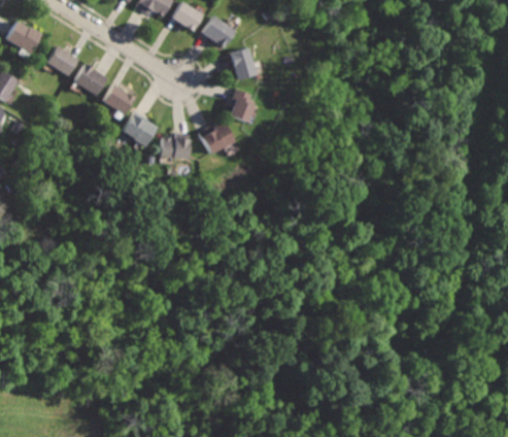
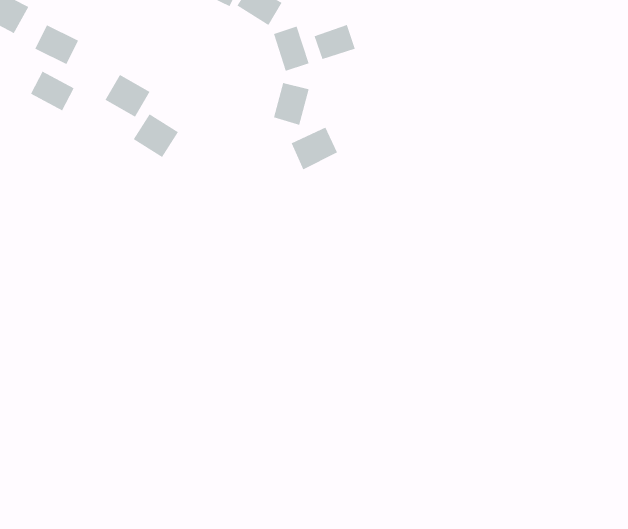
building: none -> [314,24,355,60]
building: [74,64,108,95] -> [30,71,75,111]
building: [199,123,235,156] -> [291,127,338,170]
building: [161,136,190,160] -> none

